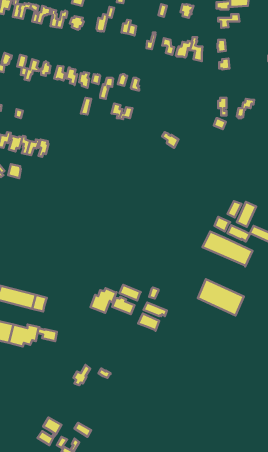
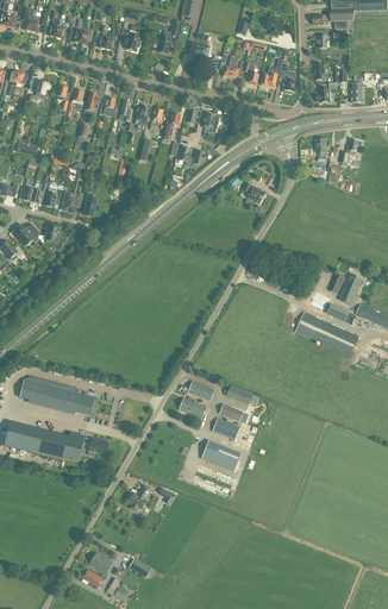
building: [198,279,244,316] -> none
building: [90,288,117,313] -> none
building: none -> [200,440,240,471]

